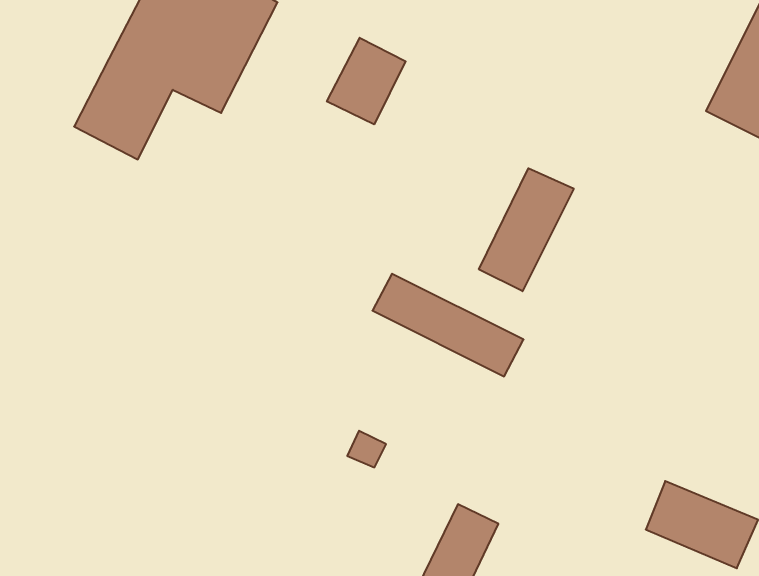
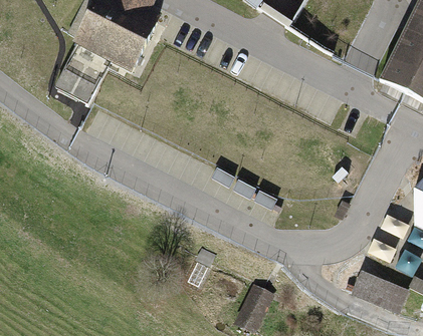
building: [327,38,406,124] -> none
building: [479,168,574,291] -> none

